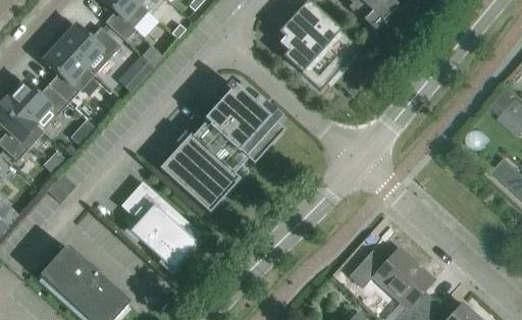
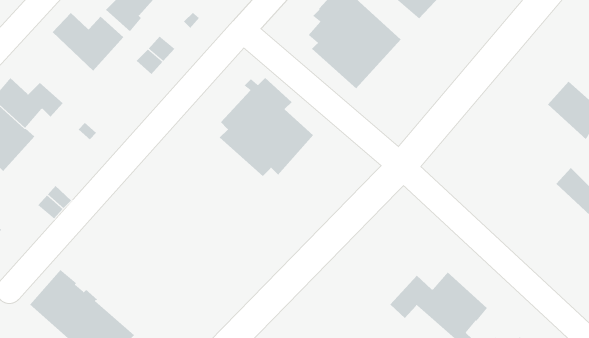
building: [42,41,94,102] -> none
building: [159,131,240,213] -> none
building: [120,181,200,268] -> none

